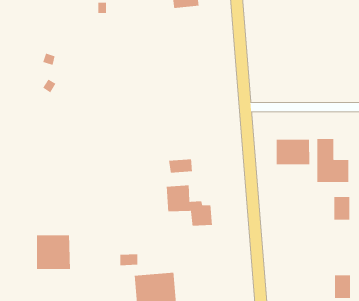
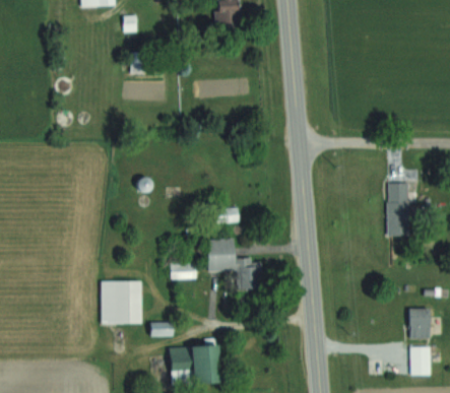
building: [276,139,310,165] -> none
building: [333,196,350,220] -> [409,308,430,337]
building: none -> [167,261,196,280]
building: [36,234,71,270] -> [100,280,141,323]

